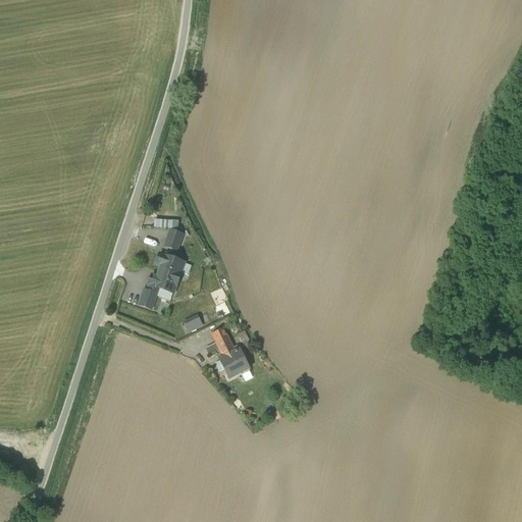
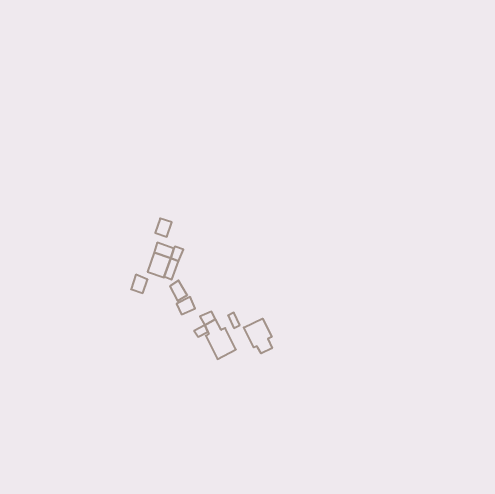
building: none -> [244,319,272,353]

